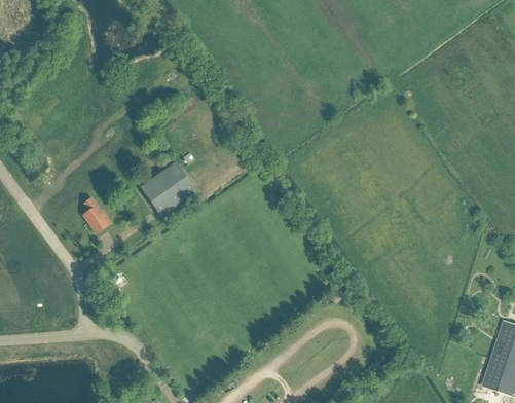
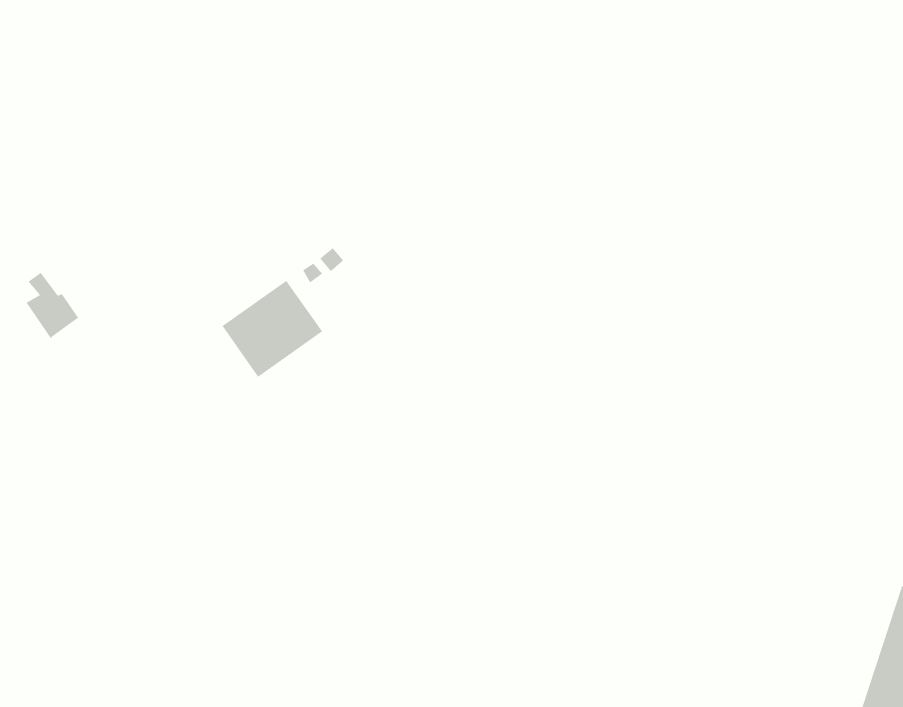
building: [82,196,111,232] -> [26,272,79,339]

